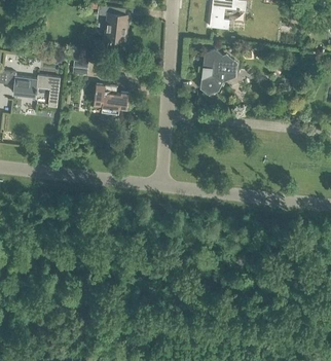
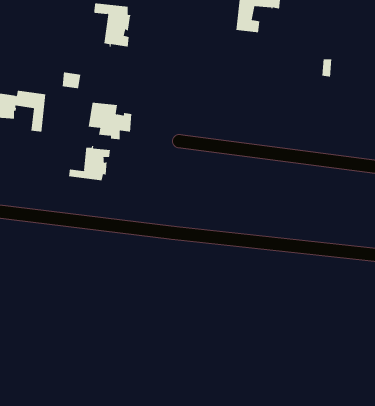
building: [199,48,236,94] -> none
building: none -> [69,145,110,181]

